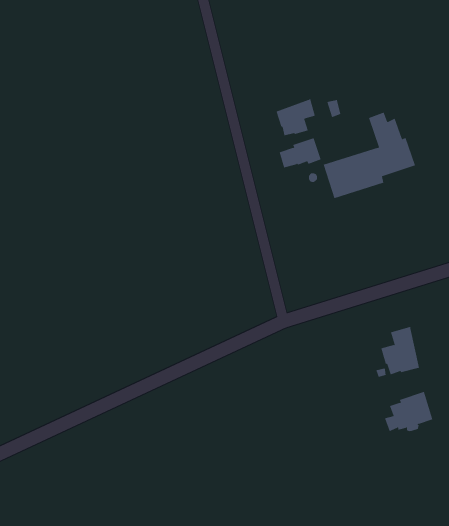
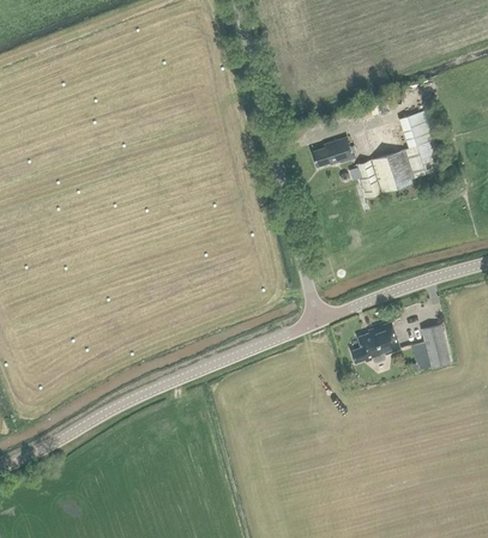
building: [276,98,316,136] -> none
building: [384,391,433,432] -> [351,322,399,362]

